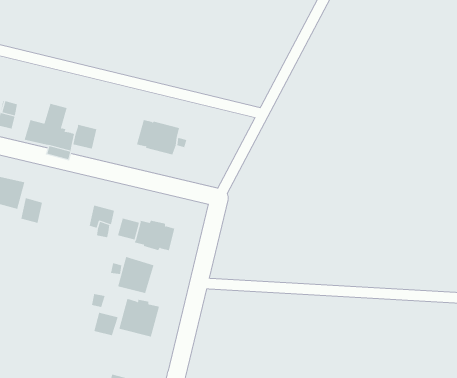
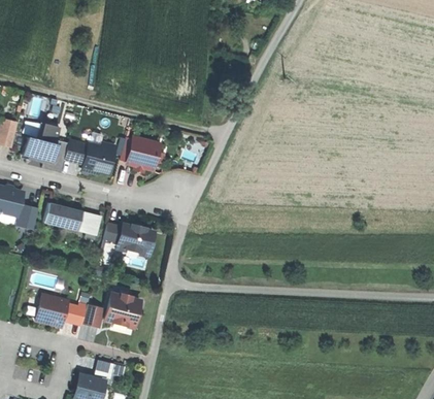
building: none -> [84,142,113,172]
building: none -> [43,202,82,231]
building: [118,256,154,294] -> none
building: none -> [35,294,68,327]

